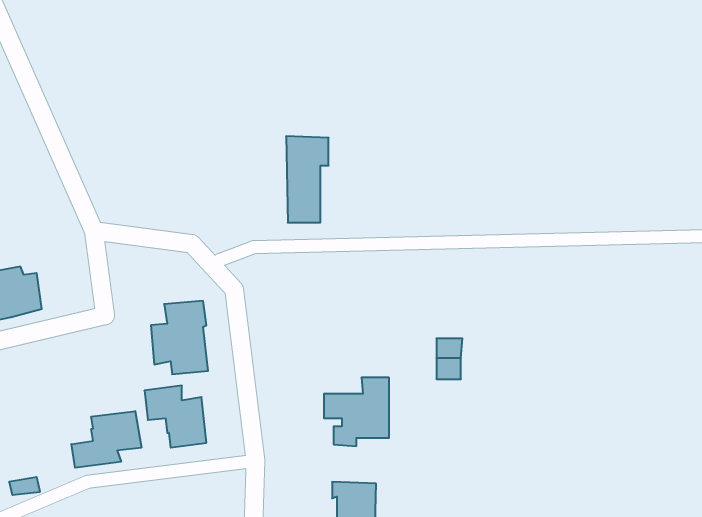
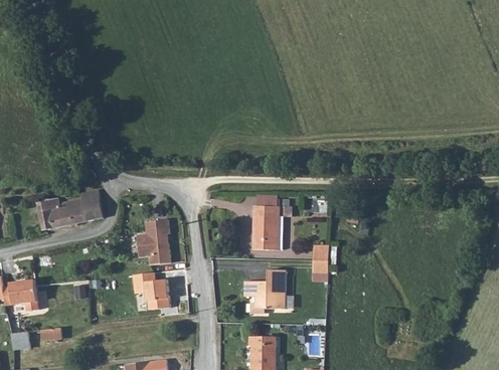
building: [286,136,329,223] -> [253,193,279,246]
building: none -> [66,192,103,225]
building: [71,411,141,468] -> none

